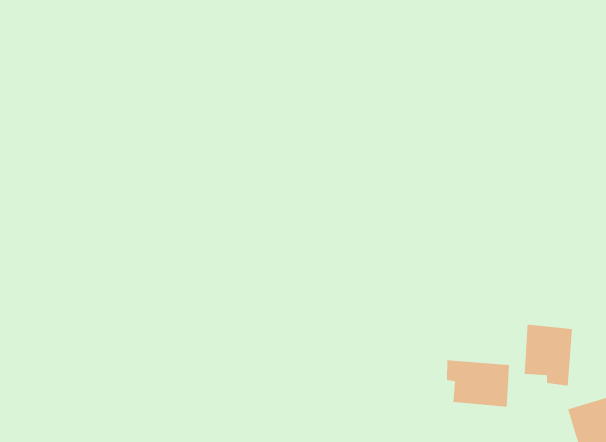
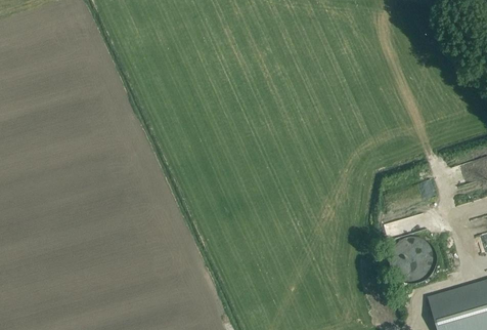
building: [446,360,510,408] -> none

